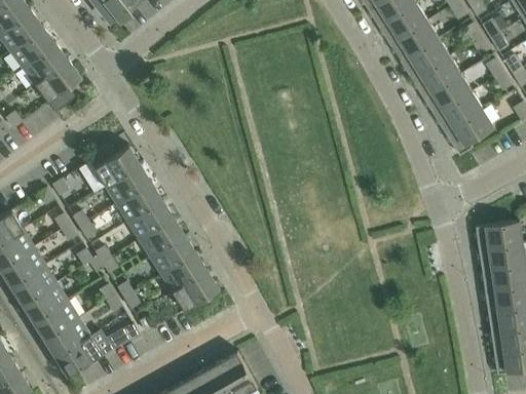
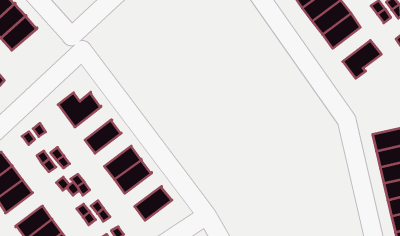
building: [34,60,81,112] -> none
building: [436,91,484,132] -> none
building: [105,164,151,204] -> none
building: [127,199,174,239] -> none
building: [160,252,208,292] -> none
building: [9,265,57,305] -> none

